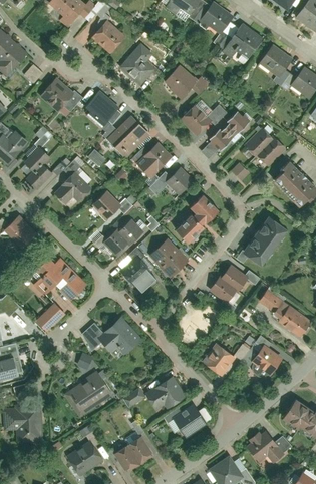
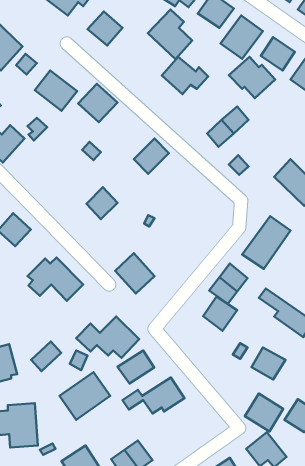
building: [118,42,162,90] -> [148,9,192,59]
building: [180,106,212,137] -> none
building: [108,116,149,156] -> none
building: [242,127,287,167] -> [229,57,275,98]
building: [21,147,52,190] -> none
building: [165,167,194,196] -> none
building: [54,171,92,203] -> none
building: [175,195,222,247] -> none
building: [102,219,144,255] -> none
building: [148,238,188,278] -> none
building: [36,303,65,332] -> [31,341,61,371]
building: [200,345,233,378] -> [203,297,237,331]
building: none -> [117,351,154,383]
building: none -> [245,393,283,432]
building: [163,403,210,439] -> none

